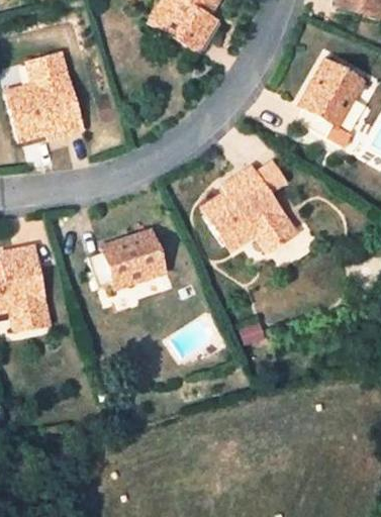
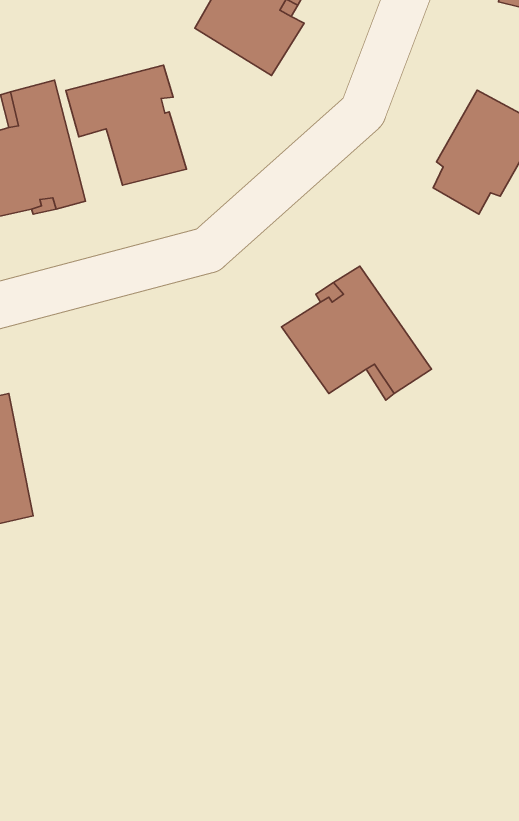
building: none -> [66,65,186,185]
building: [91,229,166,286] -> none

